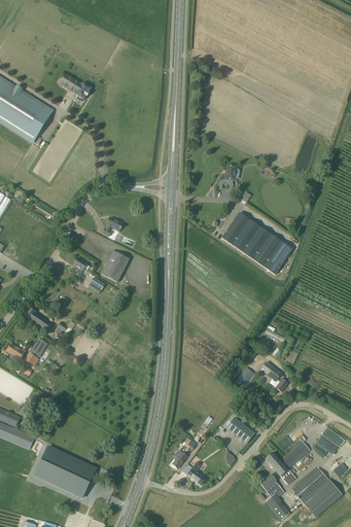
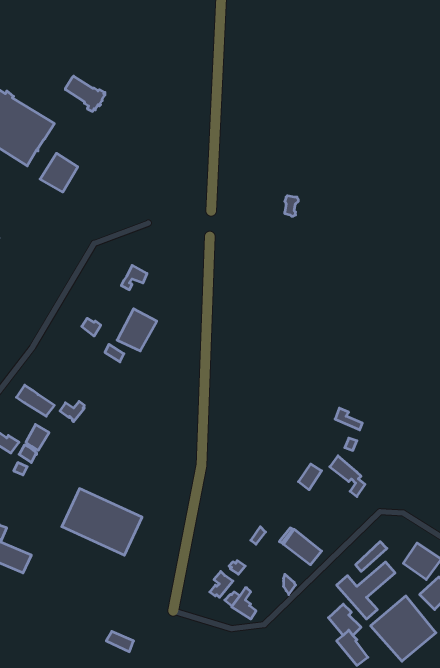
building: none -> [40,153,78,192]
building: [221,211,292,274] -> none
building: [35,446,96,496] -> [62,489,142,555]

